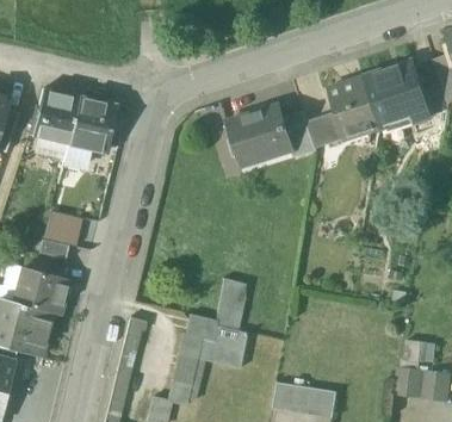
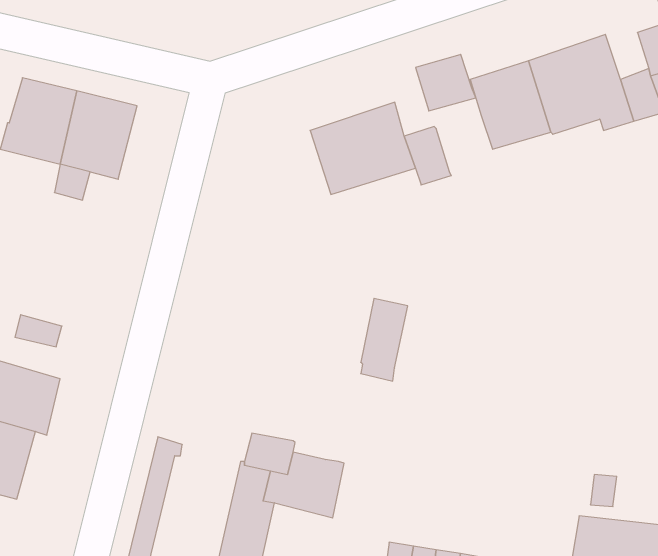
building: [307,113,345,149] -> [416,54,476,111]
building: [39,210,81,246] -> none
building: [216,279,246,331] -> [361,298,408,381]

